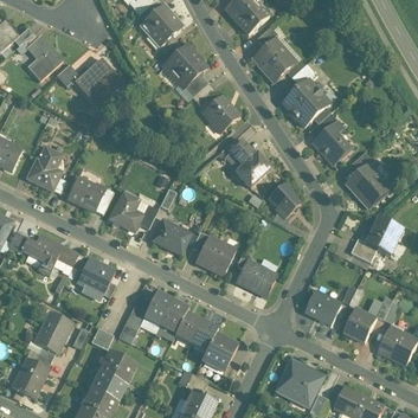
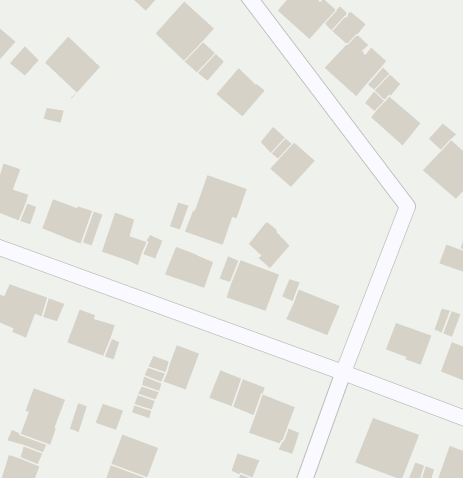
building: none -> [184,174,248,246]
building: [269,184,300,218] -> [248,222,290,269]
building: [159,300,187,333] -> none

